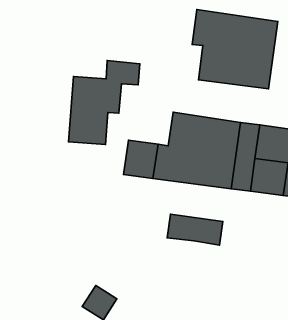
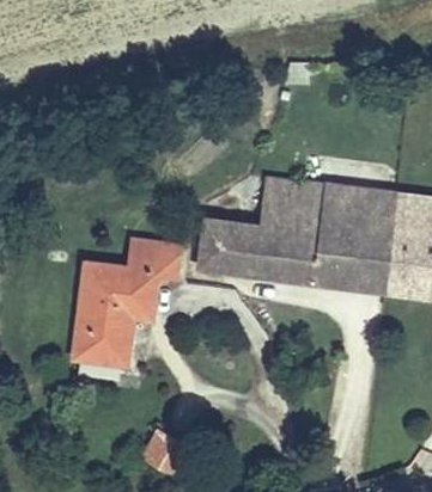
building: [192,9,278,89] -> none
building: [68,60,140,144] -> [66,241,168,361]
building: [167,214,223,245] -> none

